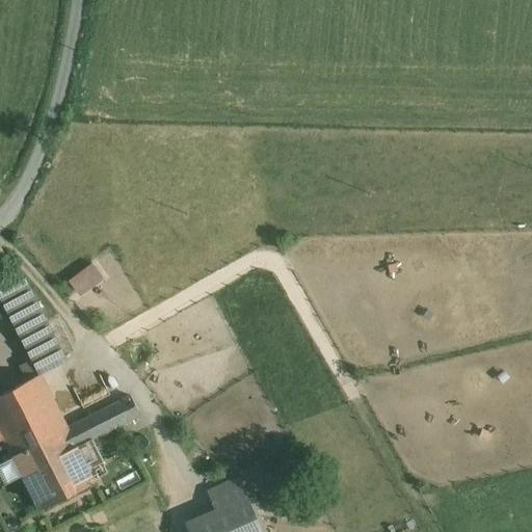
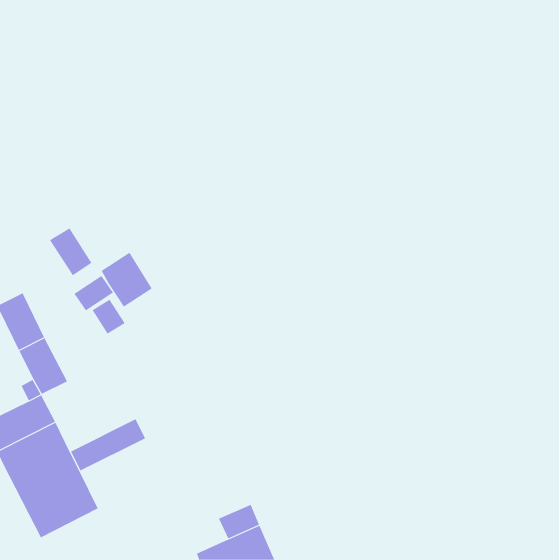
building: none -> [49,228,92,276]
building: none -> [101,252,152,308]
building: none -> [92,299,125,334]

